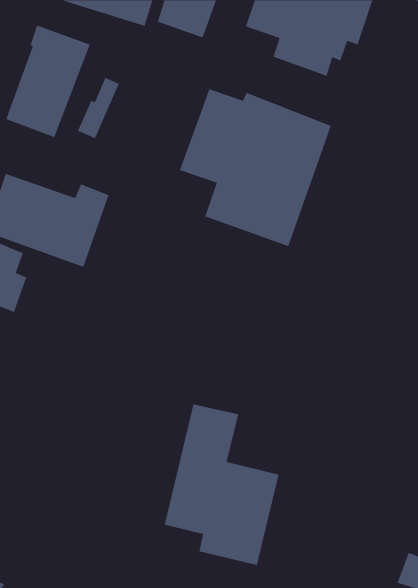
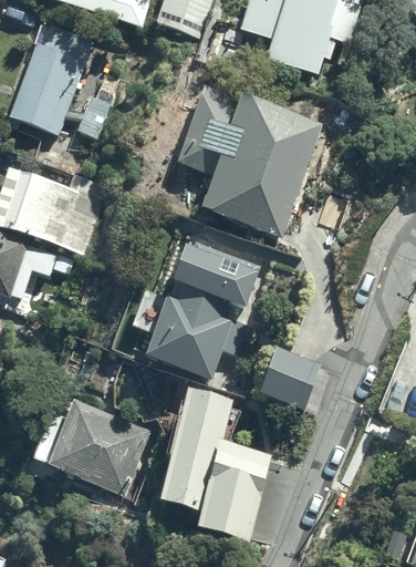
building: none -> [129,241,261,379]
building: none -> [257,346,331,415]
building: none -> [33,396,150,496]

